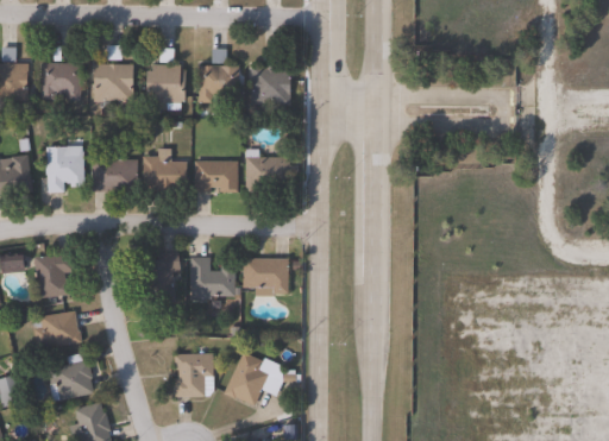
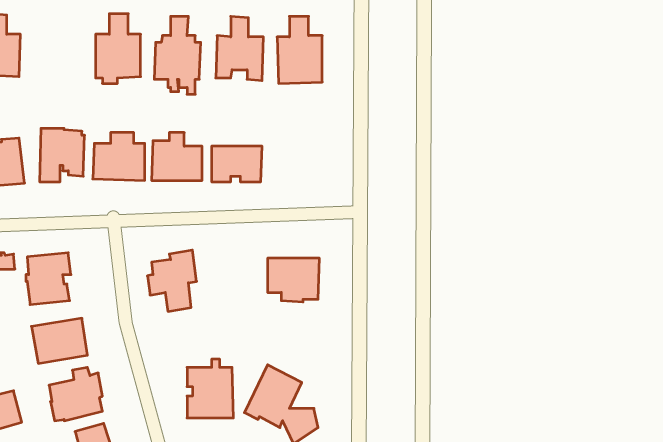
building: [40,45,82,100] -> none
building: [245,150,297,194] -> none
building: [190,257,234,301] -> none

